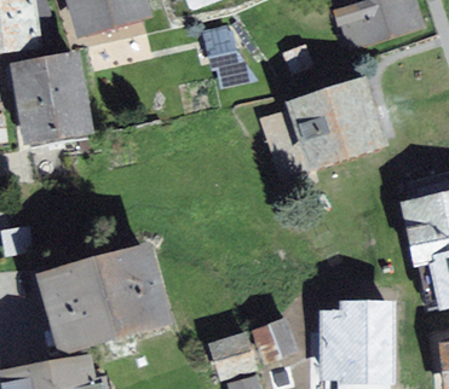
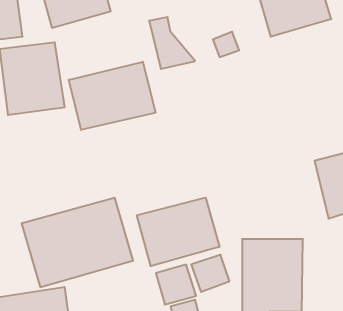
building: none -> [69,62,155,130]
building: [249,79,388,182] -> none
building: none -> [137,198,219,266]

